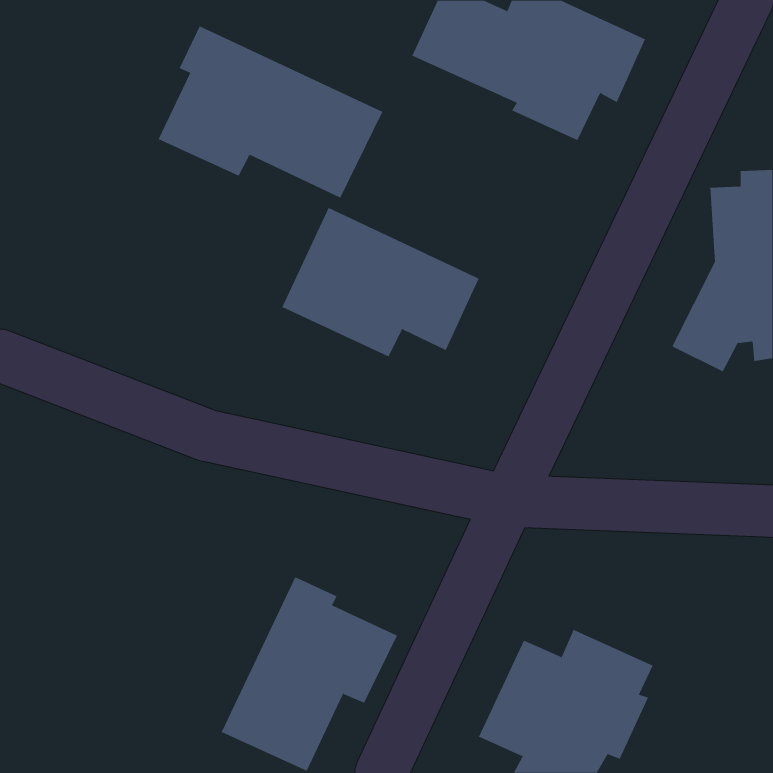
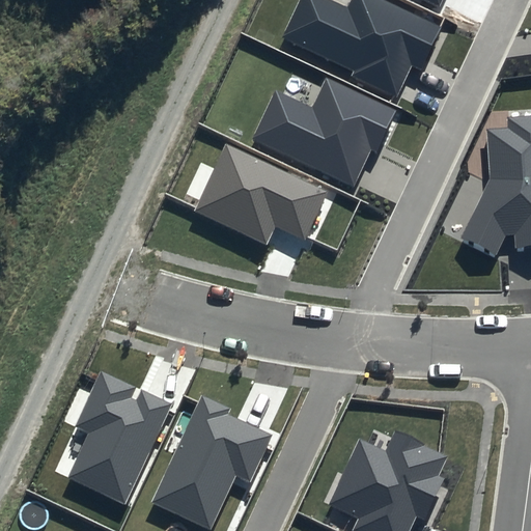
building: [158,25,383,199] -> none
building: none -> [251,77,398,187]
building: none -> [67,371,172,505]

